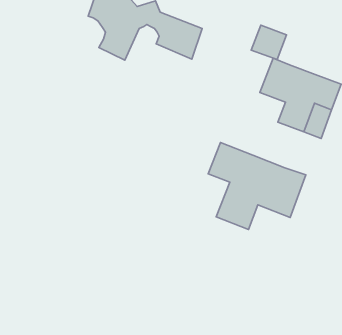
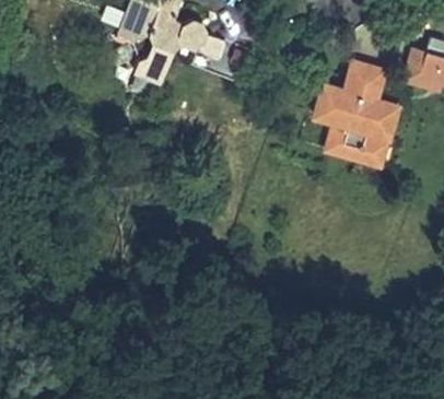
building: [251,25,287,60] -> [346,61,386,101]
building: [208,143,306,229] -> none

